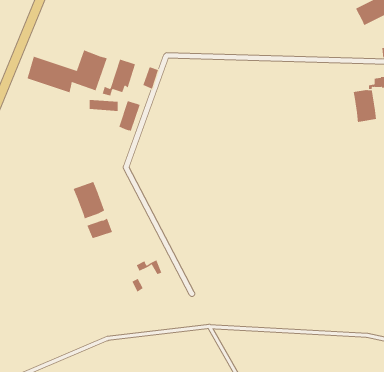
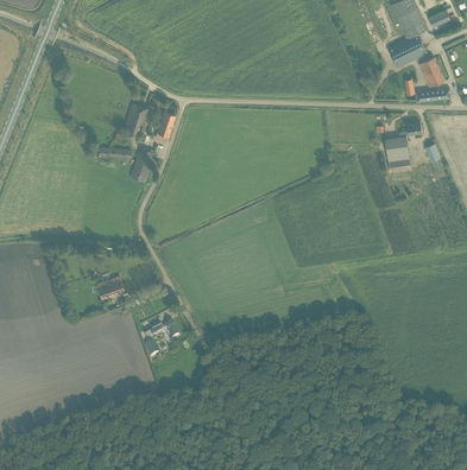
building: [27,49,108,93] -> none
building: [73,181,105,219] -> none

